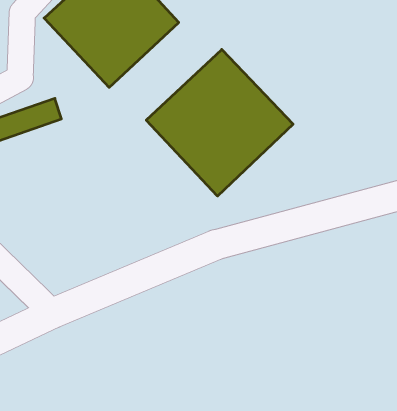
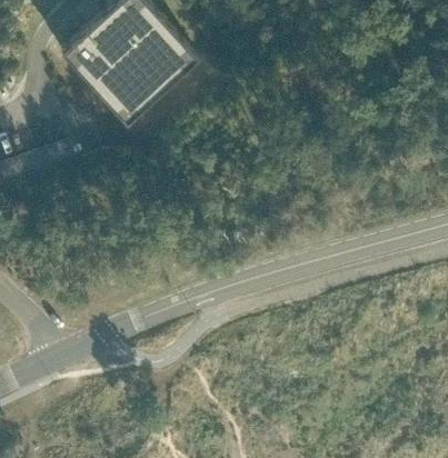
building: [146,49,293,196] -> none

